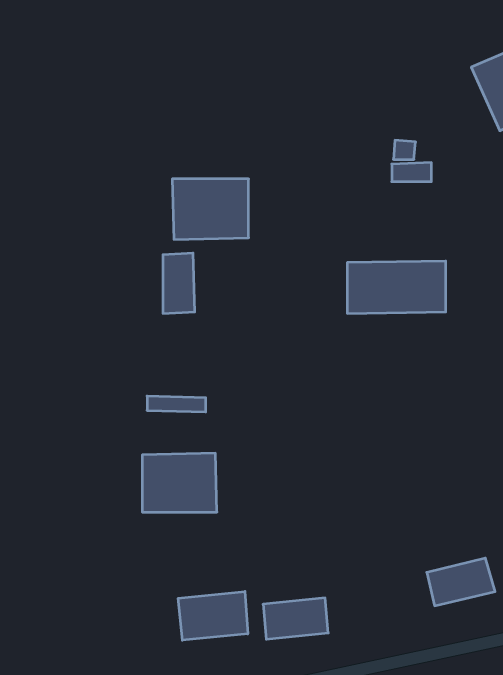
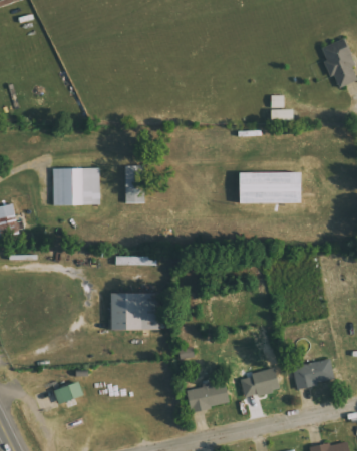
building: [172,179,249,239] -> [51,167,99,205]
building: none -> [240,369,280,397]
building: [178,591,248,640] -> none
building: none -> [53,381,82,404]

